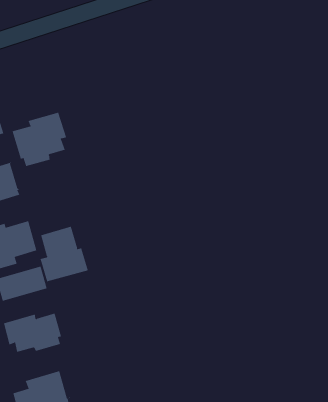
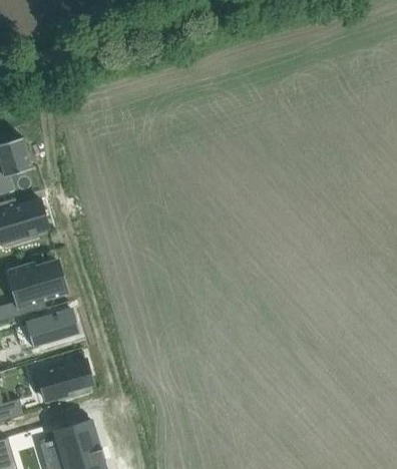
building: [12,112,67,167] -> none
building: [40,226,88,282] -> none

